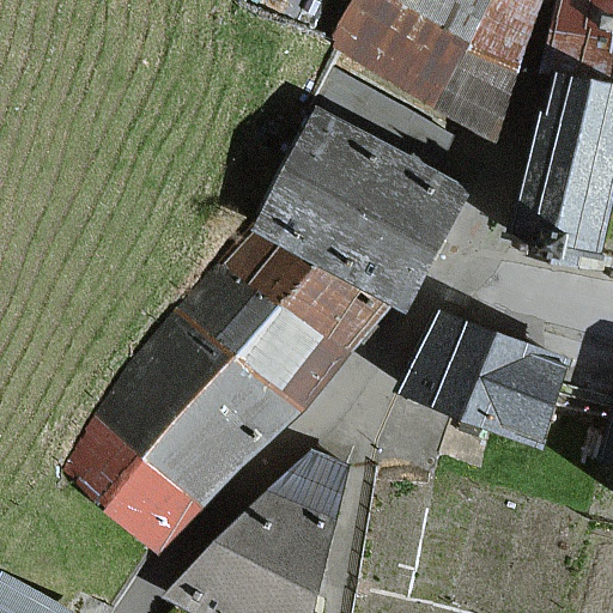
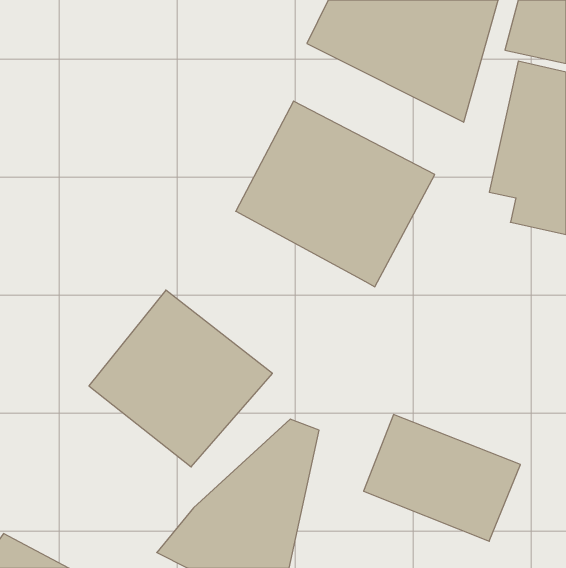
building: [178,227,393,402] -> none
building: [403,306,572,443] -> [364,415,520,541]
building: [56,415,206,552] -> none

